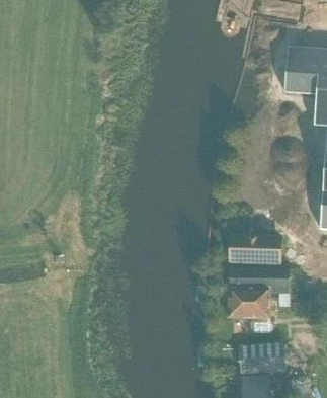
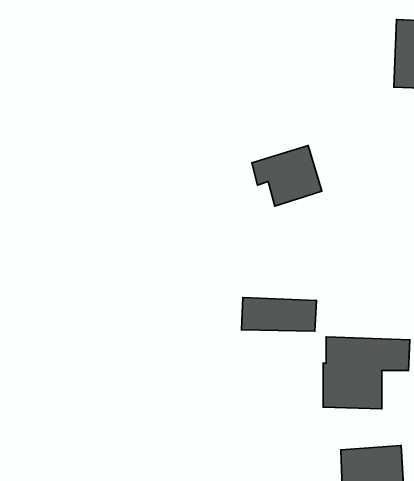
building: none -> [252,146,322,206]
building: [232,236,283,259] -> [241,298,316,331]

